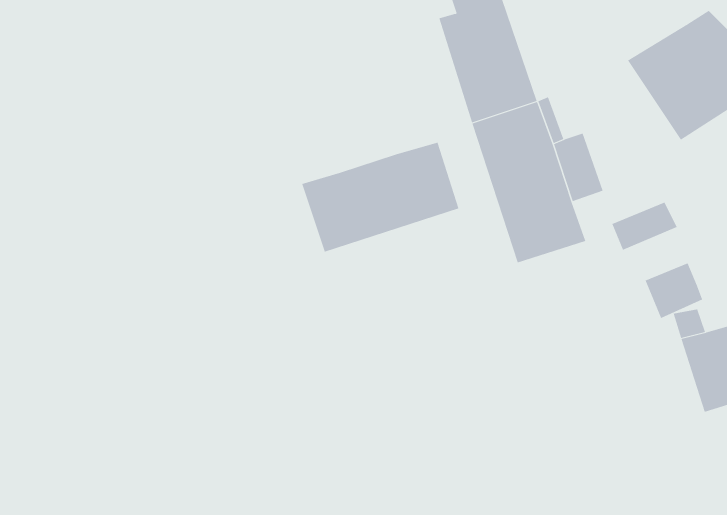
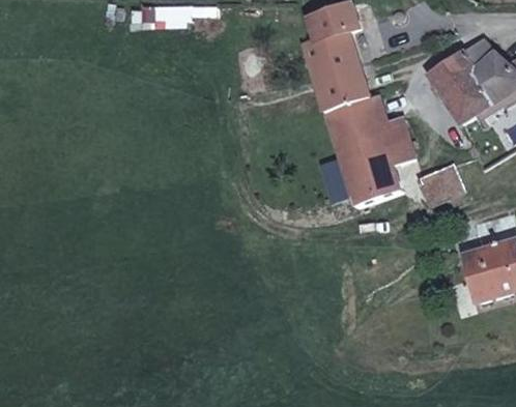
building: [301,142,459,253] -> none
building: [645,263,703,319] -> none

